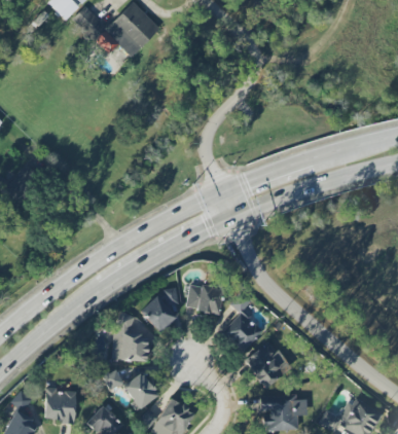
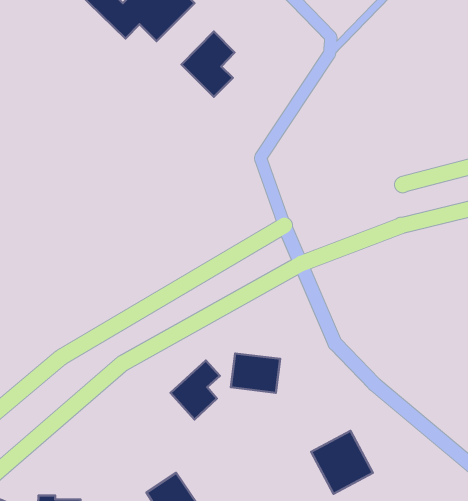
building: none -> [181,31,234,97]
building: [222,294,262,352] -> none
building: [113,313,147,361] -> none

